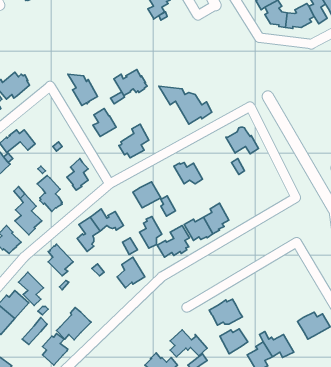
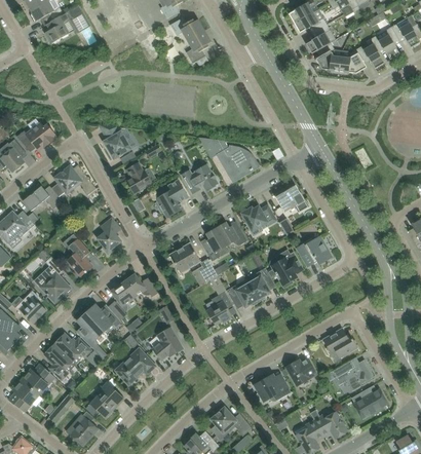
building: [114,69,147,95] -> [181,164,218,193]
building: none -> [51,164,95,196]
building: none -> [241,205,275,235]
building: none -> [296,236,332,266]
building: none -> [270,253,302,288]
building: [140,217,162,248] -> [201,226,226,261]
building: none -> [85,304,120,332]
building: none -> [322,328,357,363]
building: none -> [53,333,90,361]
building: none -> [114,347,155,385]
building: none -> [332,358,375,390]
building: [220,329,248,354] -> [285,358,316,386]

